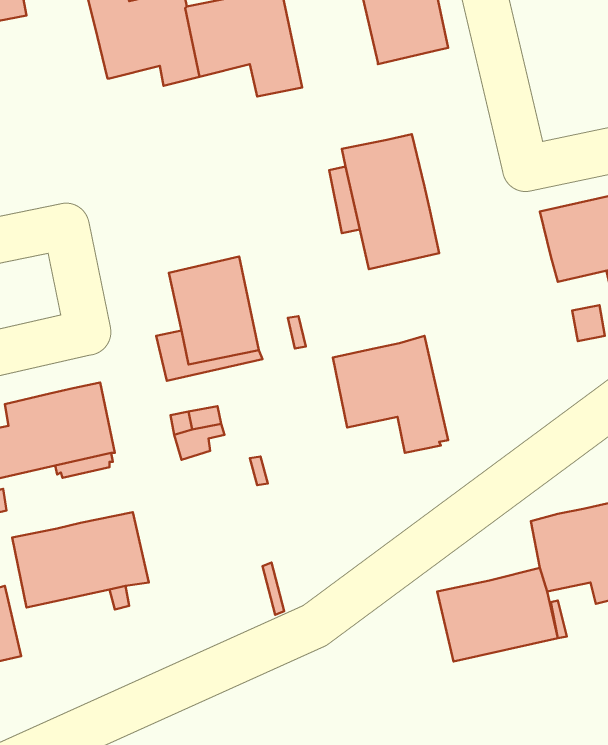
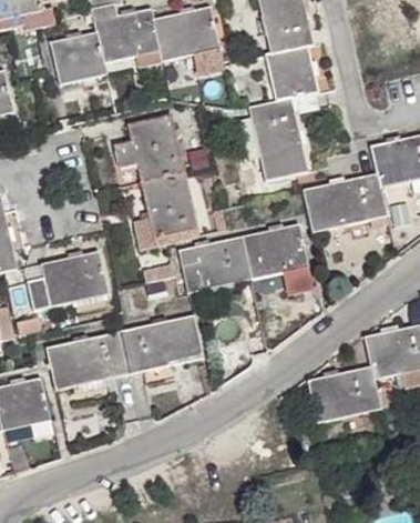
building: none -> [49,30,107,84]
building: none -> [265,44,318,100]
building: none -> [114,112,185,182]
building: none -> [301,172,390,233]
building: none -> [178,234,252,292]
building: none -> [120,313,204,373]

